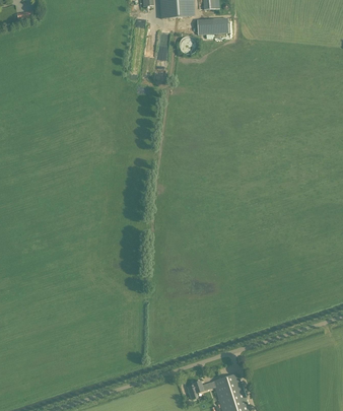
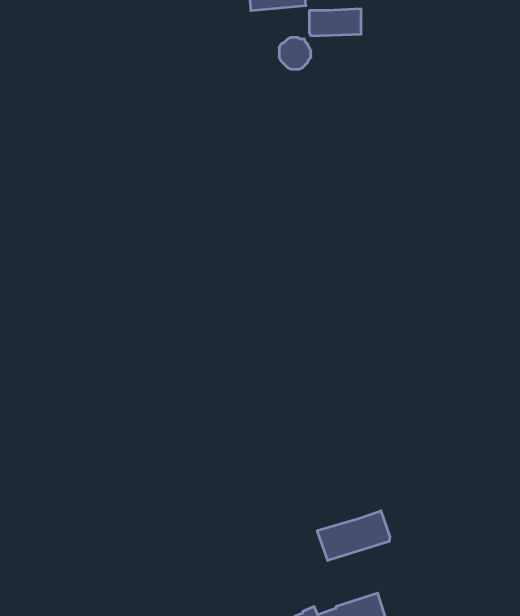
building: none -> [317,511,390,561]

